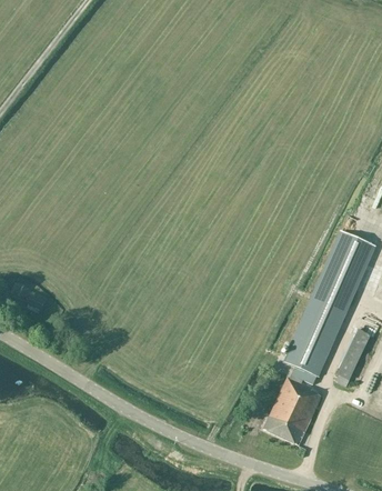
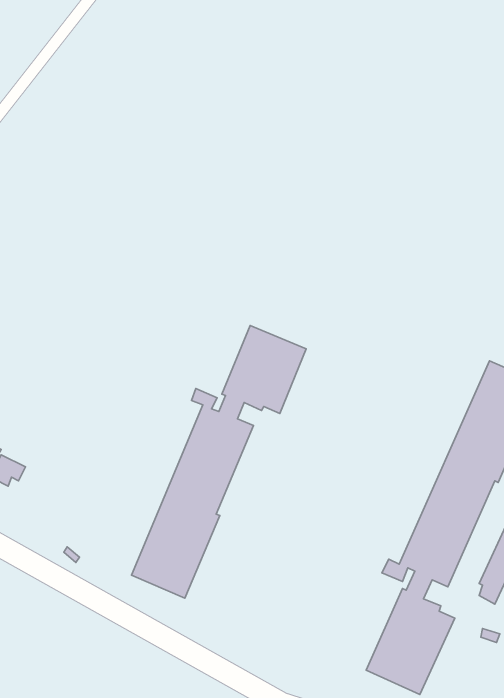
building: none -> [131,326,306,598]

